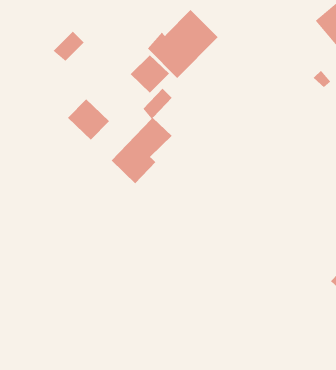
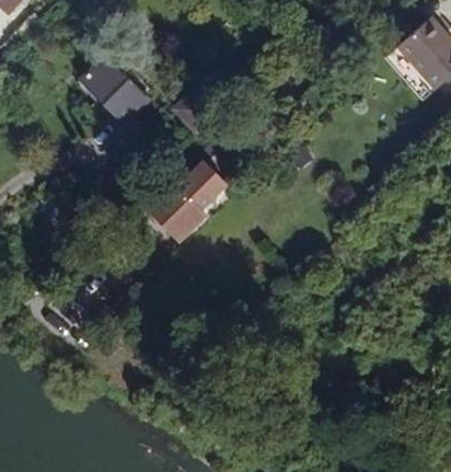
building: [147,9,218,79] -> none
building: [67,99,110,140] -> [94,71,146,122]

